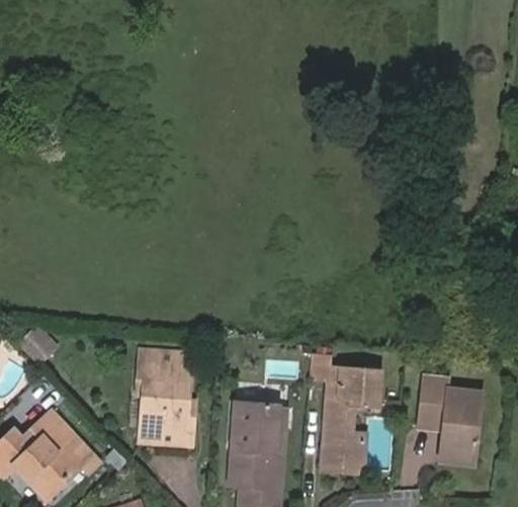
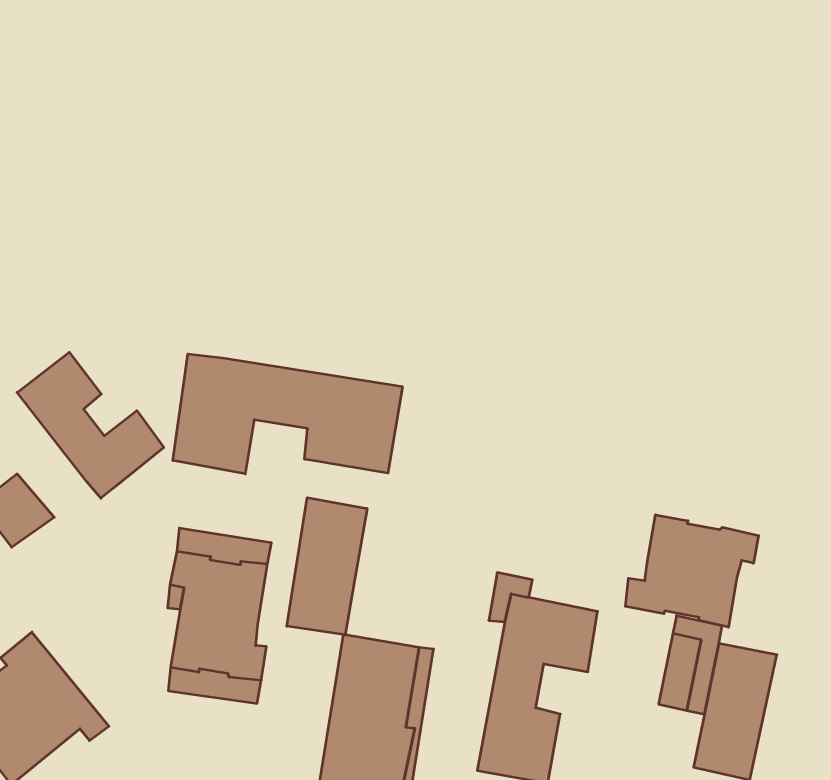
building: none -> [173,354,402,474]
building: none -> [17,352,164,498]
building: none -> [625,515,759,627]
building: none -> [287,498,367,635]

